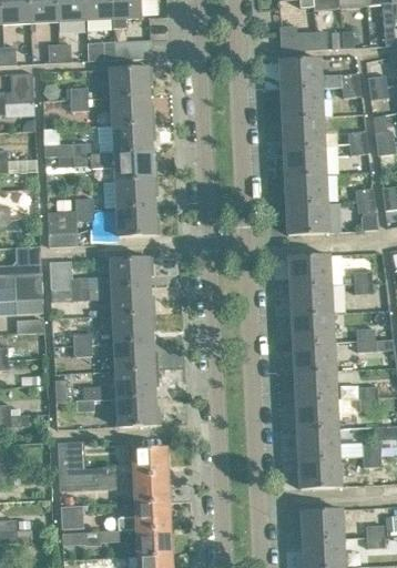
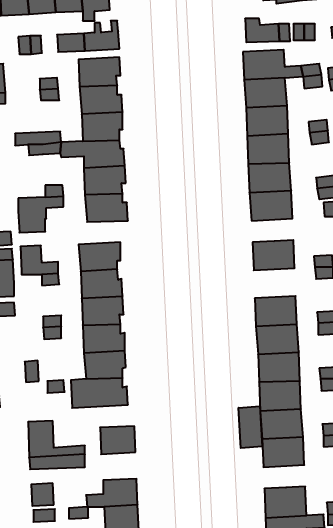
building: [289,283,333,314] -> none
building: none -> [239,406,262,448]
building: [132,473,169,501] -> none

